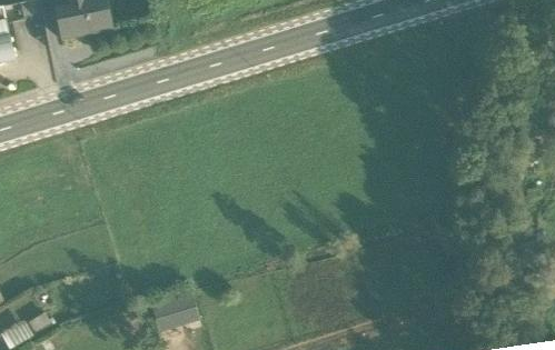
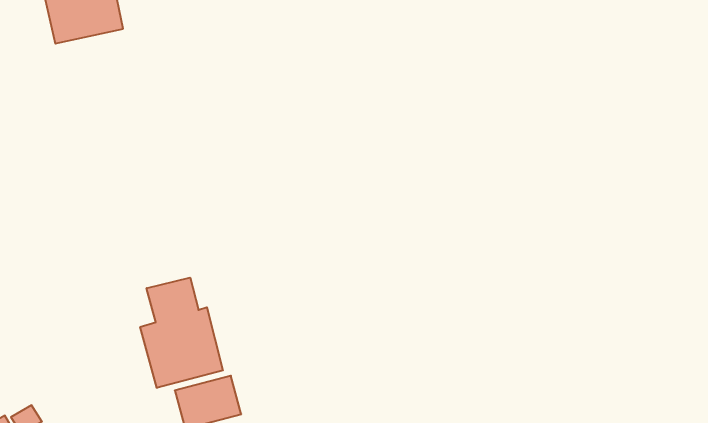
building: none -> [140,278,223,388]

